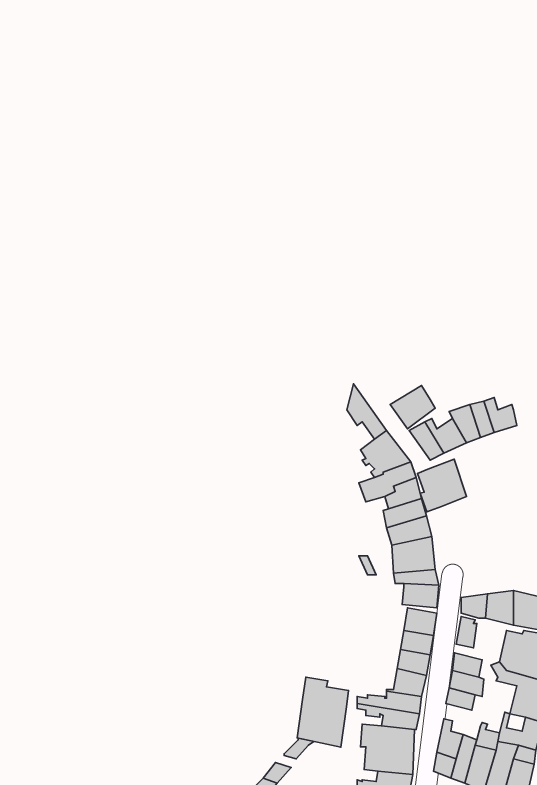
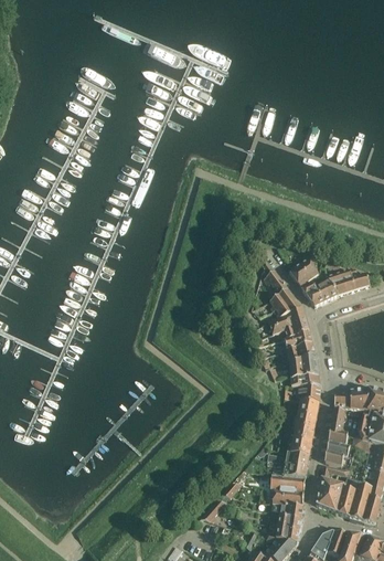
building: [417,459,466,512] -> none
building: [297,677,349,747] -> none

